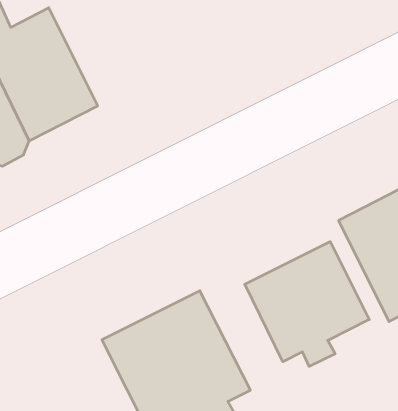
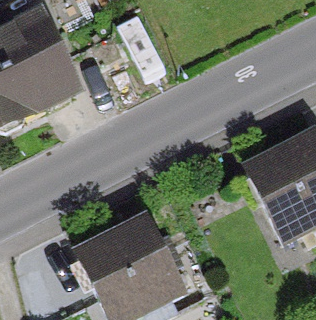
building: [245,242,369,366] -> none

